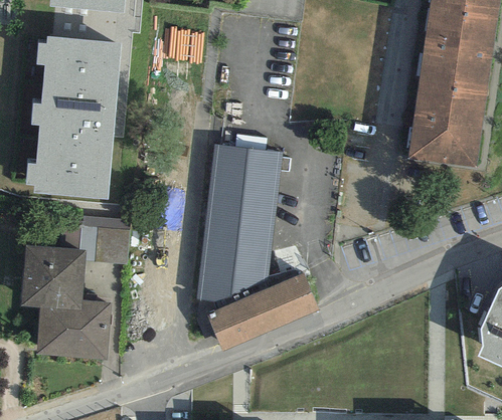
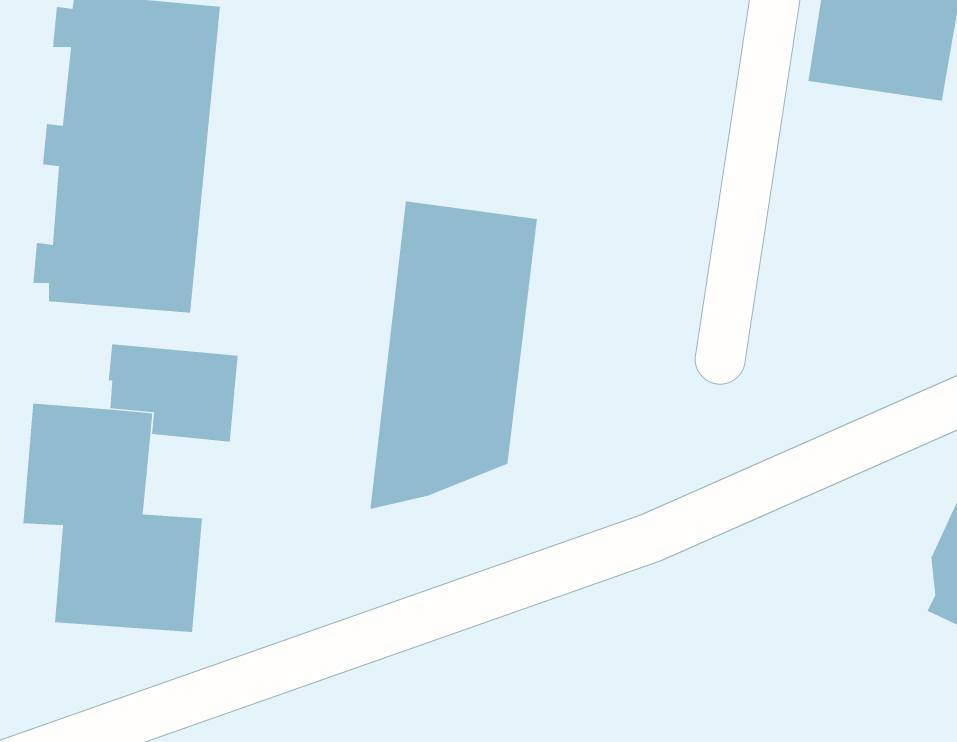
building: [407,82,487,169] -> none
building: [209,271,318,346] -> none

